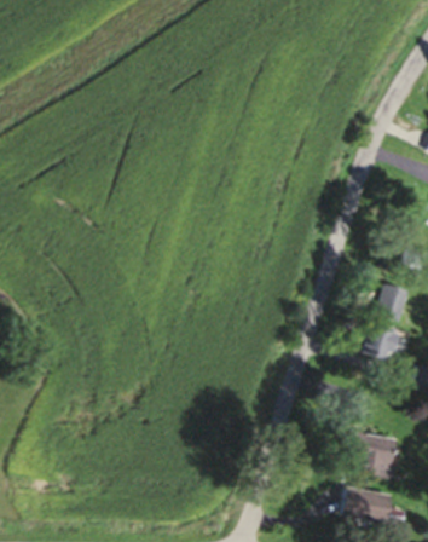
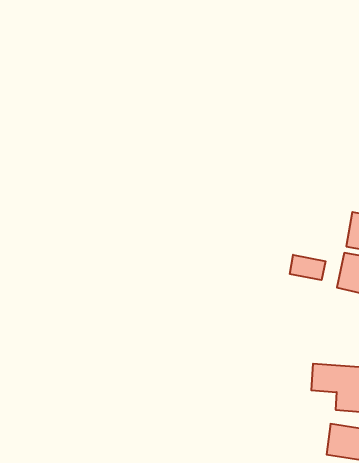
building: none -> [290,255,326,280]

